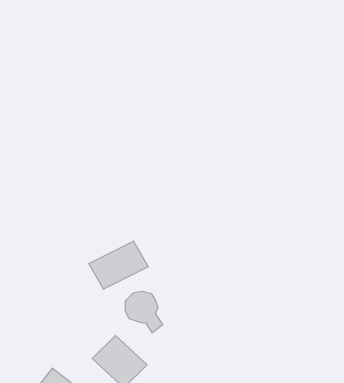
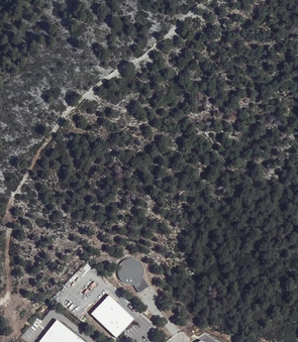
building: [89,241,148,289] -> none

